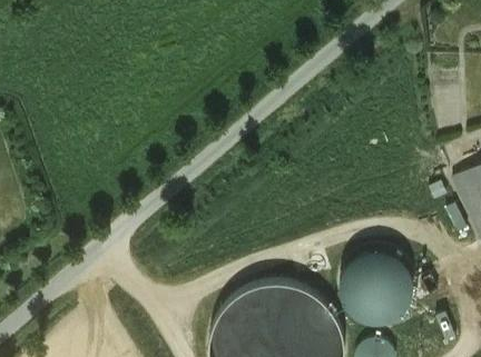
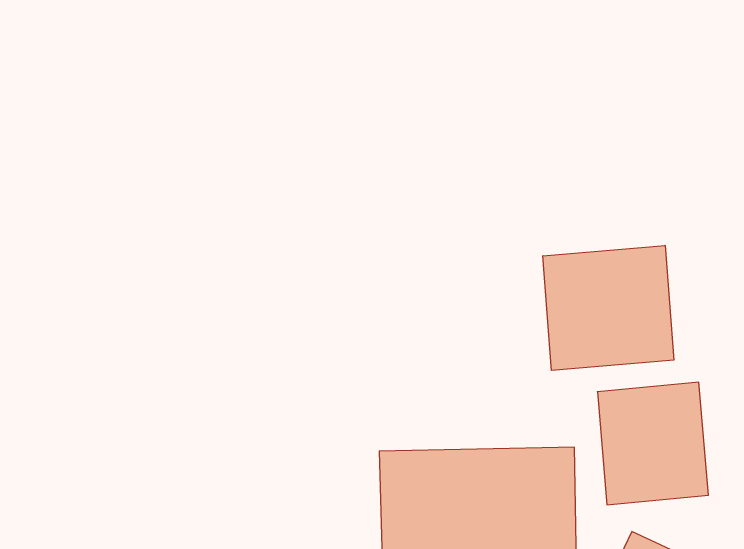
building: none -> [543,245,674,370]

